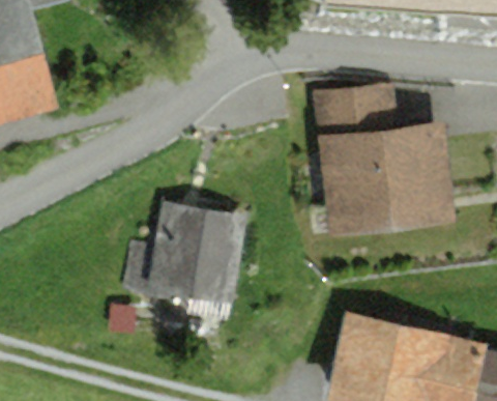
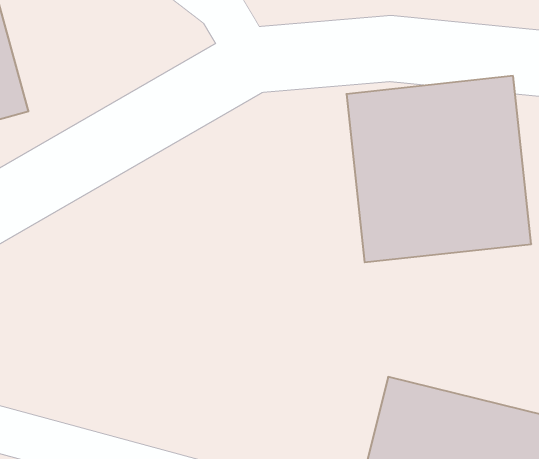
building: [153,202,243,297] -> none

